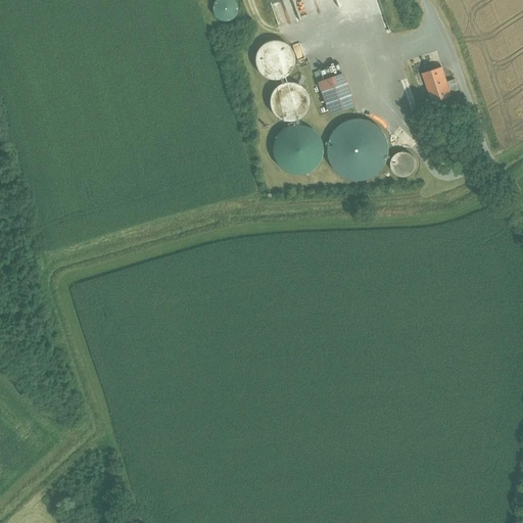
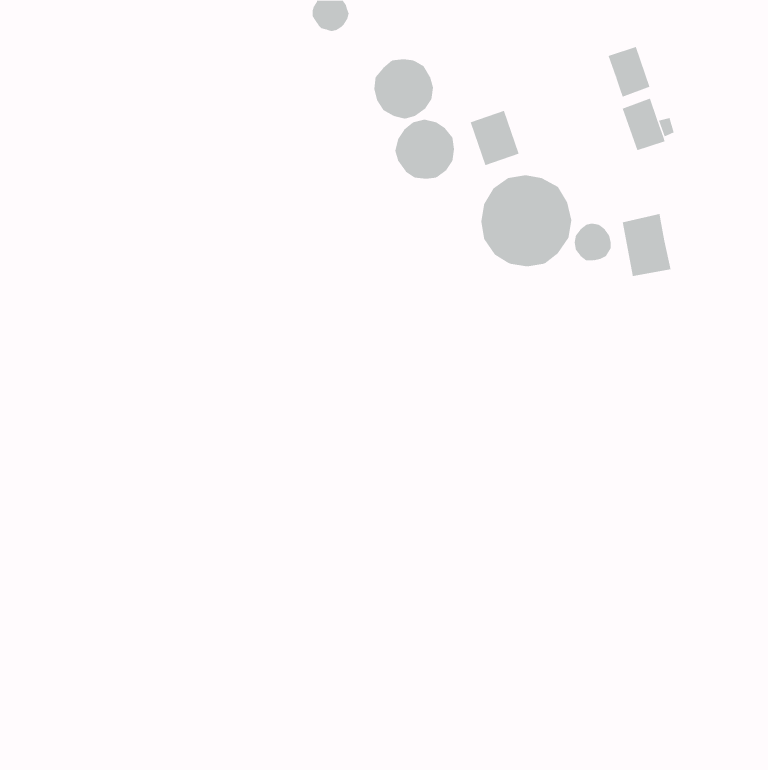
building: none -> [608,46,650,98]
building: [272,125,322,175] -> none
building: none -> [622,213,671,277]

